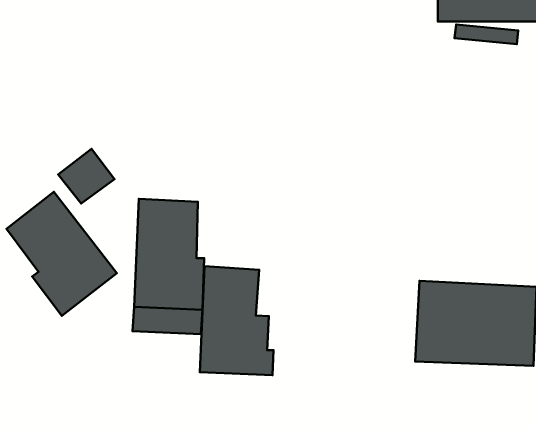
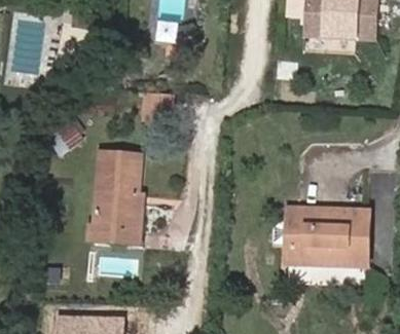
building: [6,192,117,316] -> none
building: [200,266,274,375] -> none

